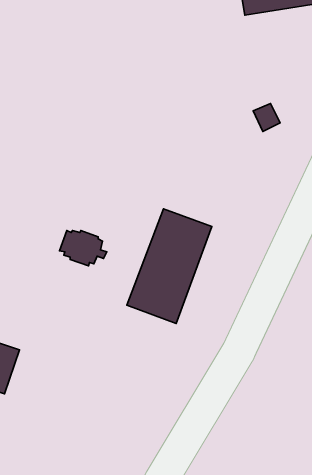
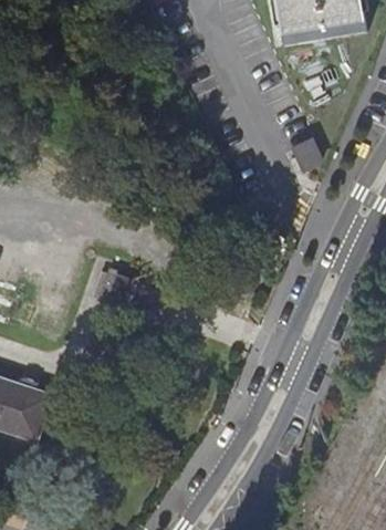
building: [127,209,212,324] -> none

